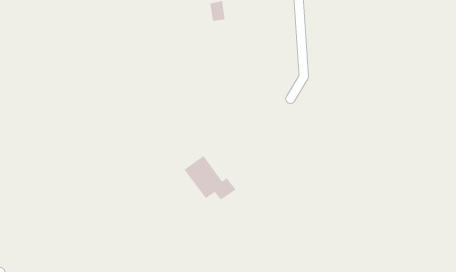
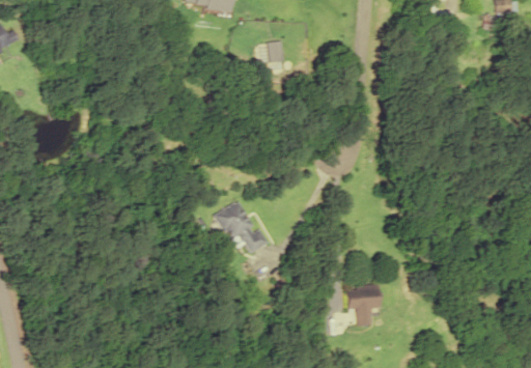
building: none -> [347,284,382,325]

